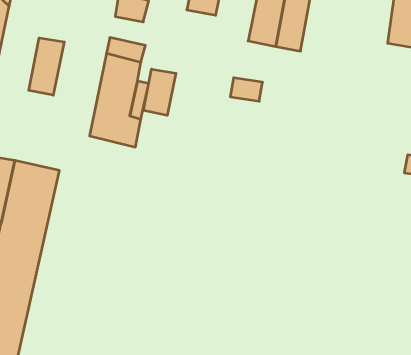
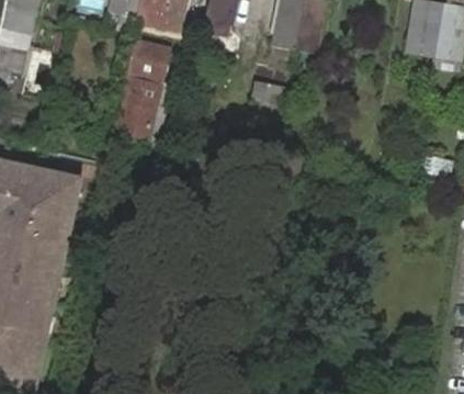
building: [29,38,64,95] -> none
building: [143,69,176,115] -> none

